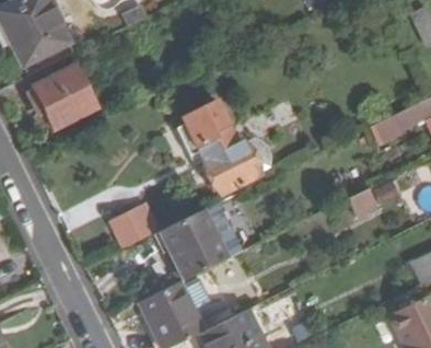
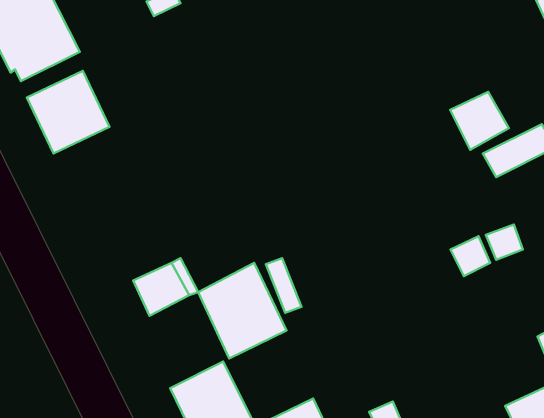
building: none -> [450,92,509,150]
building: [178,100,258,194] -> none

